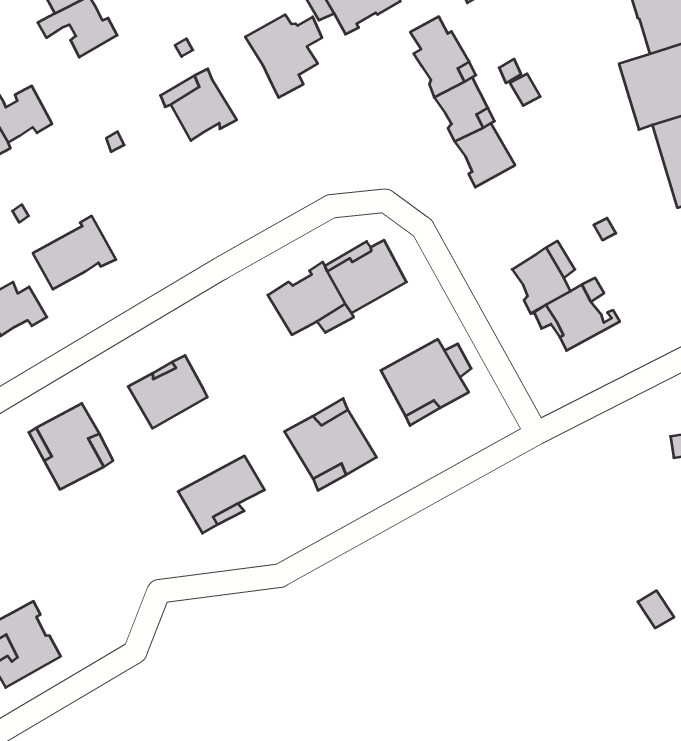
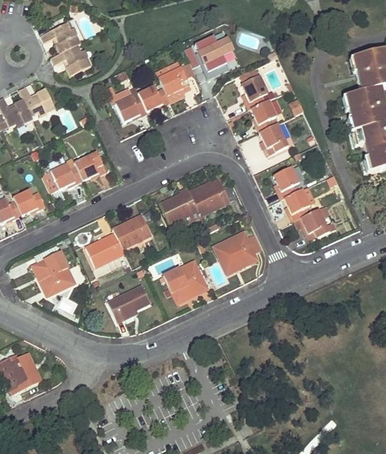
building: none -> [138,84,171,111]
building: none -> [74,151,107,180]
building: none -> [273,165,300,198]
building: none -> [113,212,153,248]

